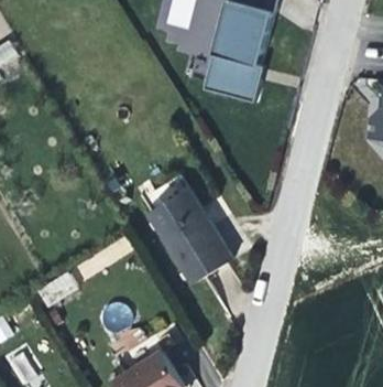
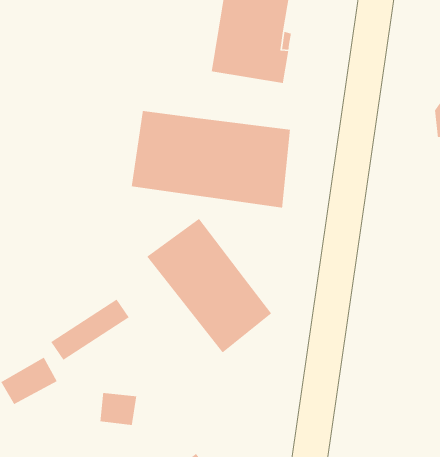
building: none -> [131,110,291,208]

